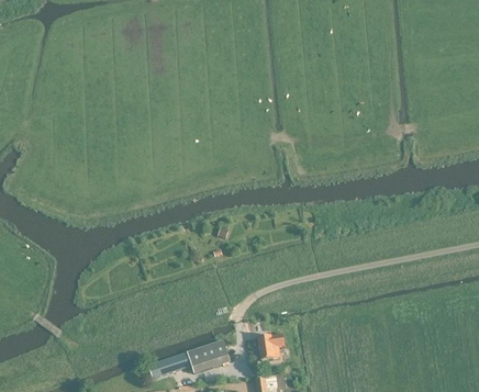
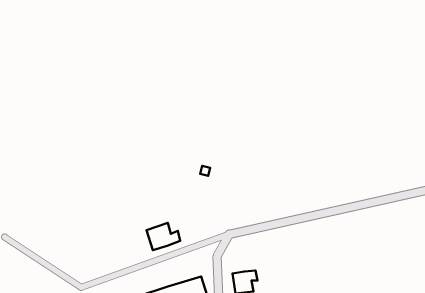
building: none -> [146,223,180,250]

